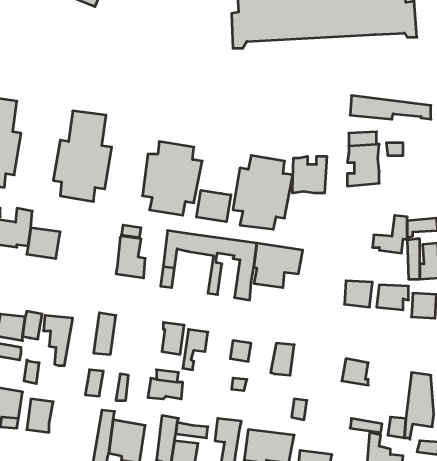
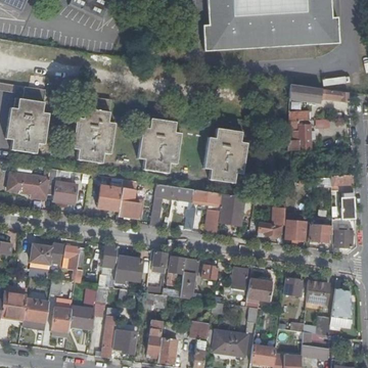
building: [293,156,327,193] -> none
building: [196,190,231,222] -> none
building: [372,215,407,253] -> [259,209,284,236]
building: none -> [97,186,121,211]
building: none -> [117,259,143,282]
building: none -> [180,259,200,300]
building: none -> [247,279,272,301]
building: none -> [306,281,328,305]
building: none -> [68,306,95,329]

